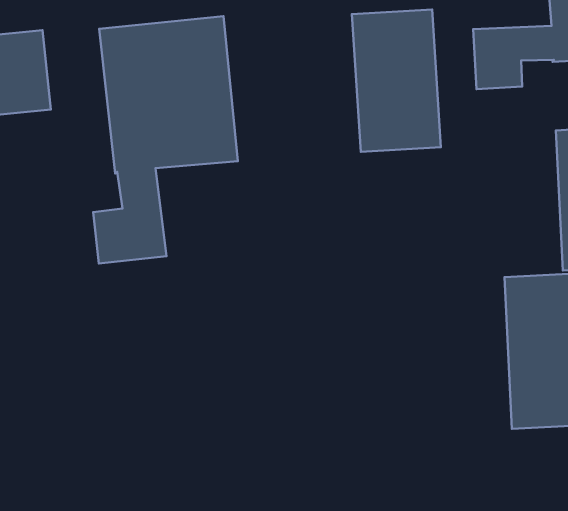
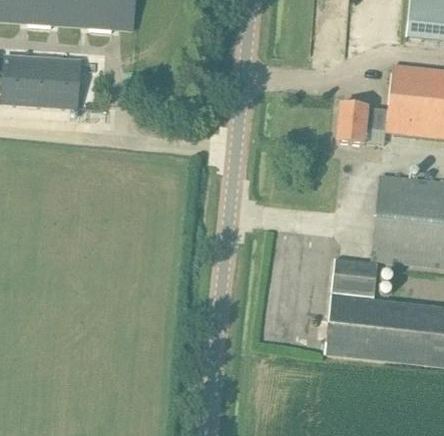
building: [352,10,441,152] -> none
building: [93,16,238,263] -> none

